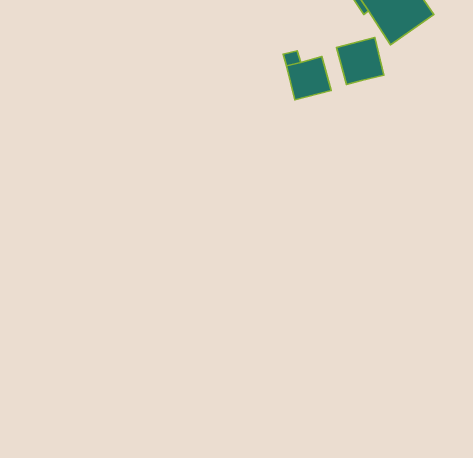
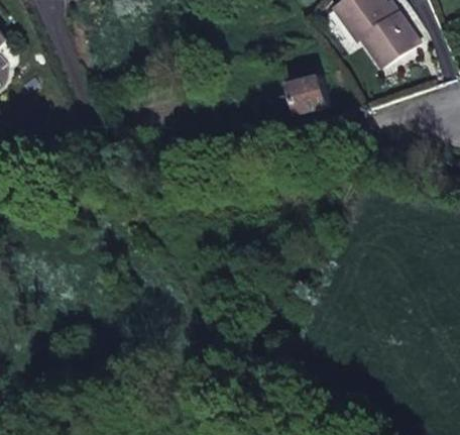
building: [336,37,384,84] -> none

